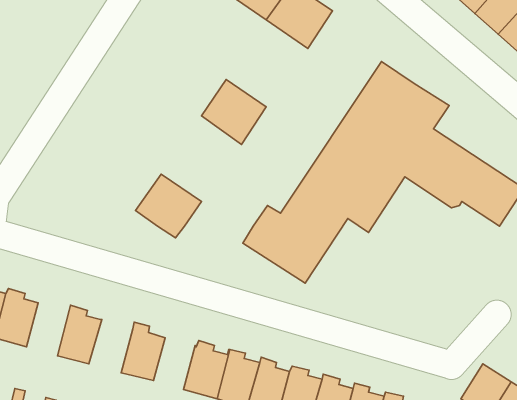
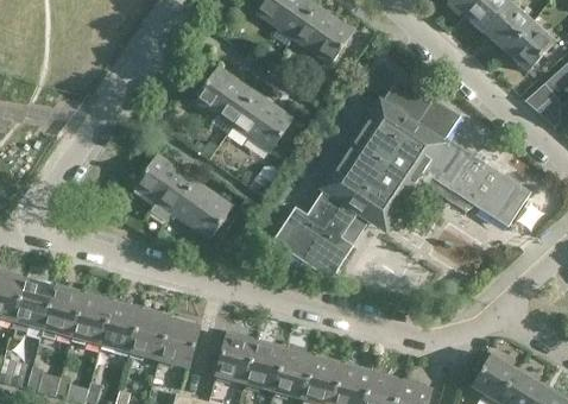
building: none -> [195,65,257,126]
building: none -> [135,153,197,221]
building: none -> [74,292,113,346]
building: none -> [131,308,171,361]

